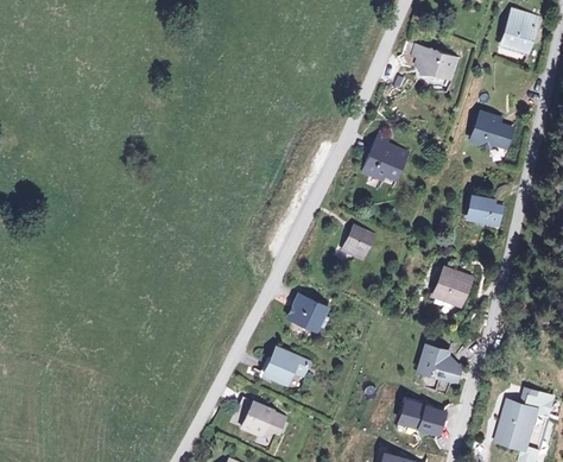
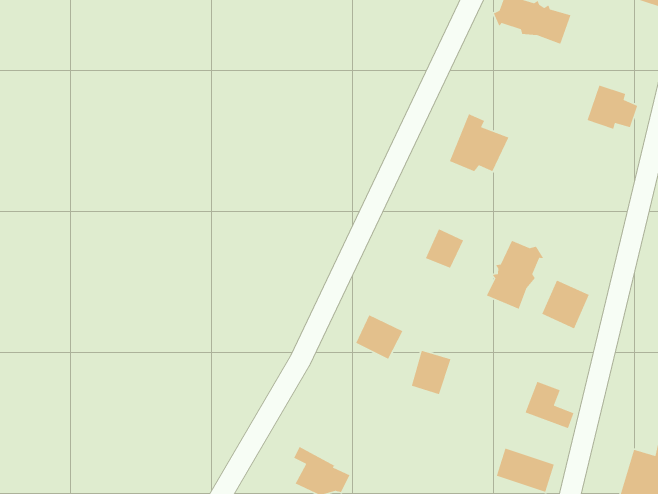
building: [470,197,505,227] -> none
building: none -> [486,240,544,310]
building: [271,350,303,386] -> [411,350,452,395]

